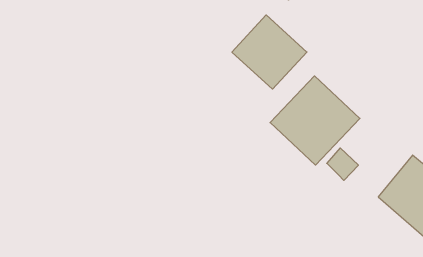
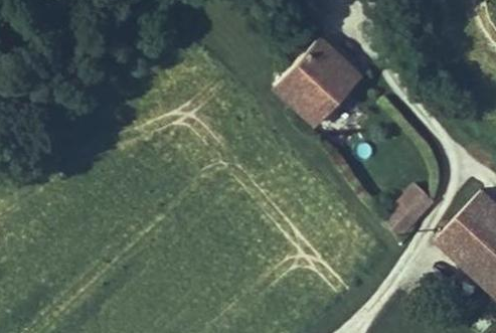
building: [270,76,360,165] -> none

